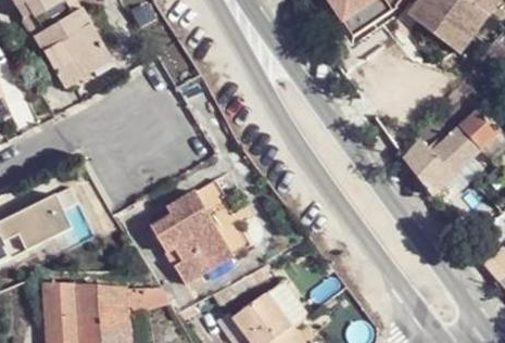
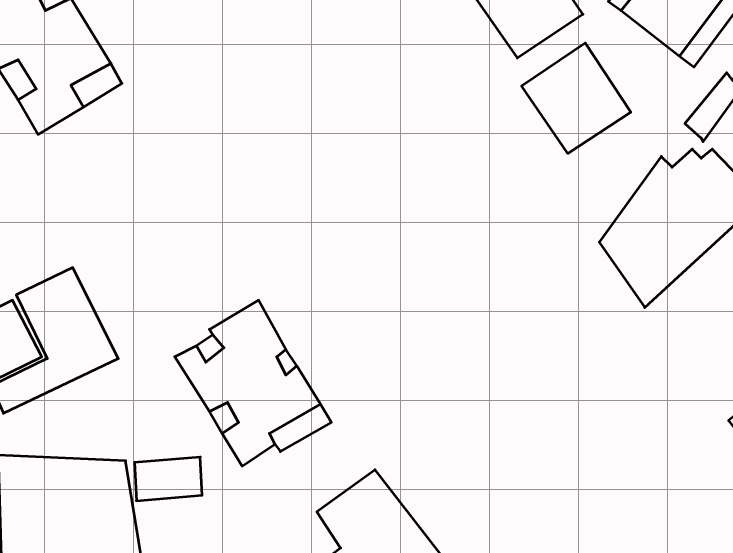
building: none -> [522,43,631,153]

